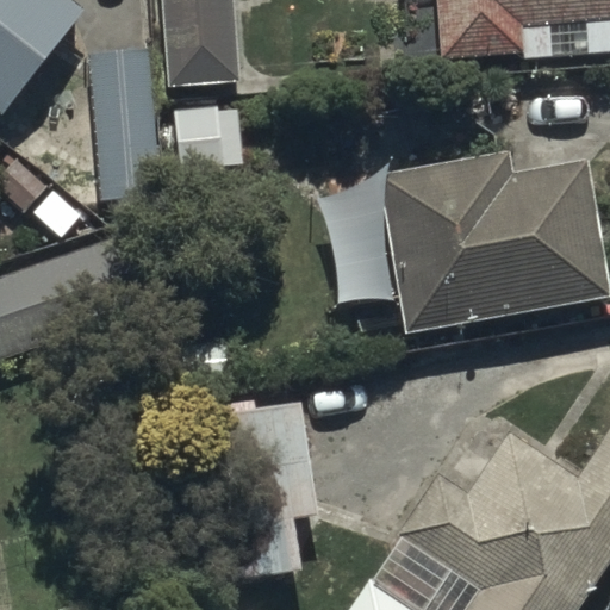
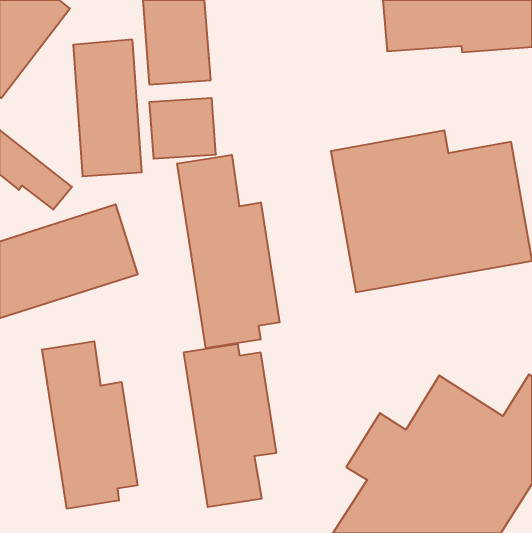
building: none -> [177,155,280,348]
building: none -> [42,341,137,509]

